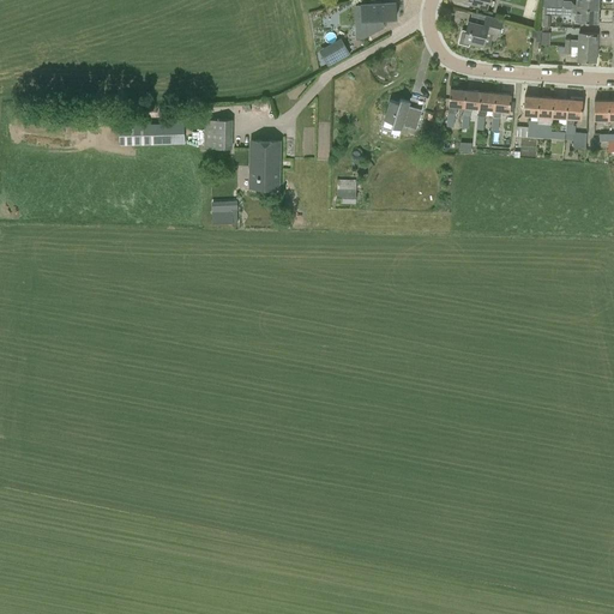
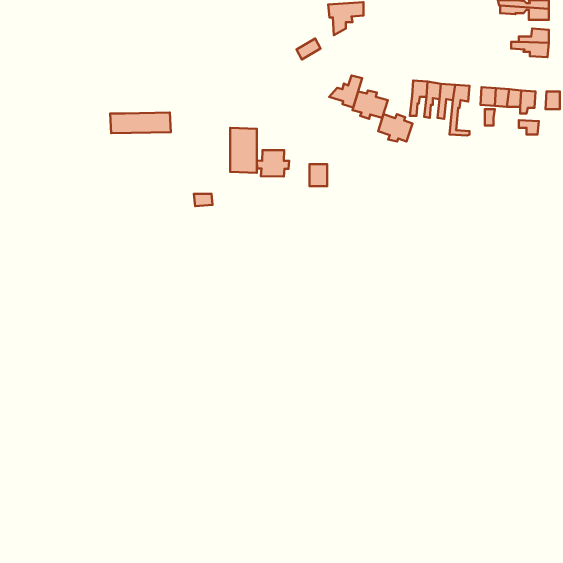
building: [462,16,502,44] -> none
building: none -> [329,76,362,108]
building: [204,119,231,149] -> none
building: none -> [378,114,413,142]
building: none -> [257,150,289,177]

